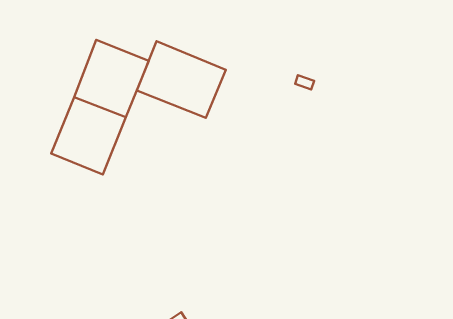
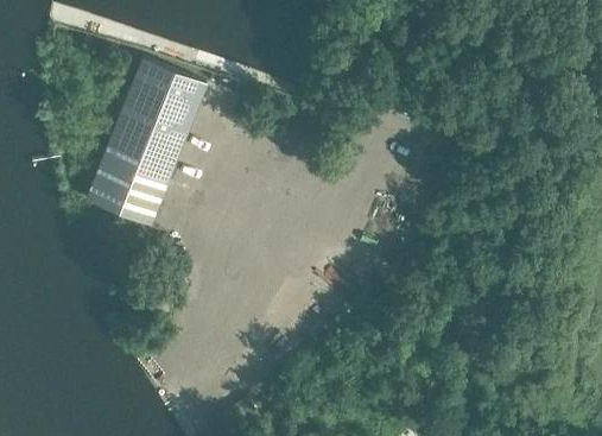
building: [137,41,226,118] -> none

